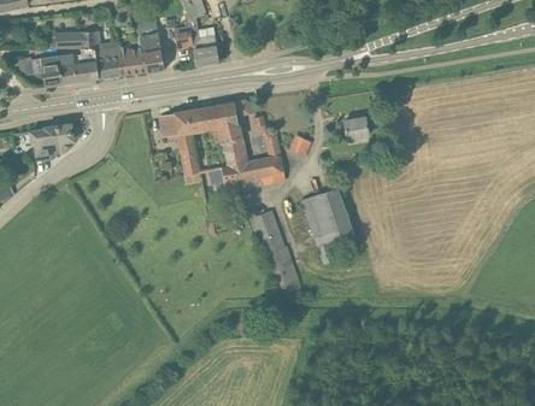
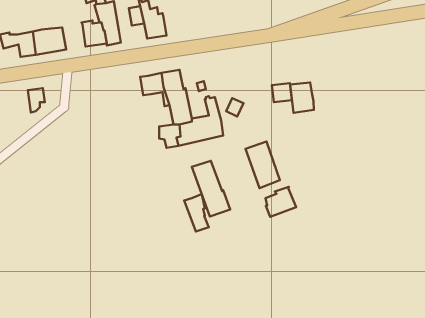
building: [48,30,120,77] -> none
building: [158,110,198,175] -> none
building: none -> [290,83,314,113]
building: [28,125,55,160] -> none
building: none -> [265,187,296,217]
building: none -> [184,194,209,231]

